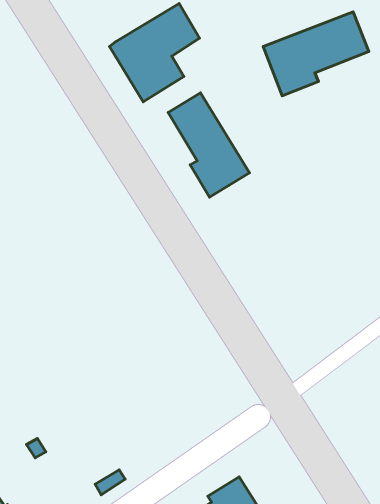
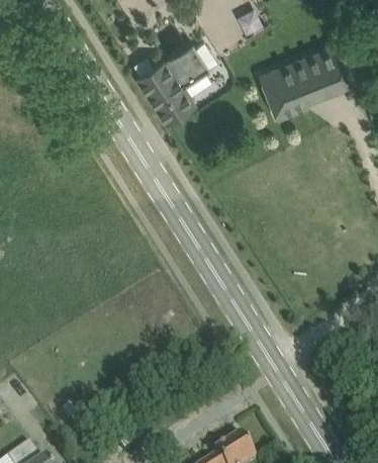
building: [168,93,249,197] -> none

